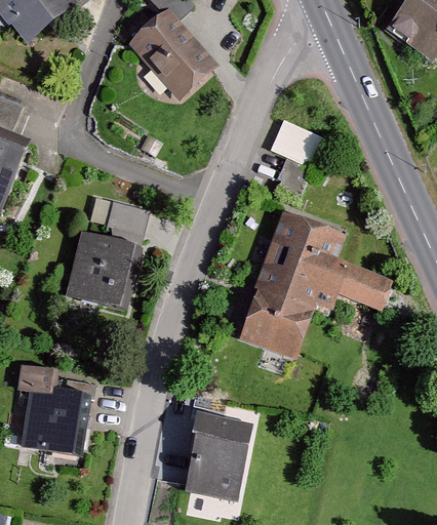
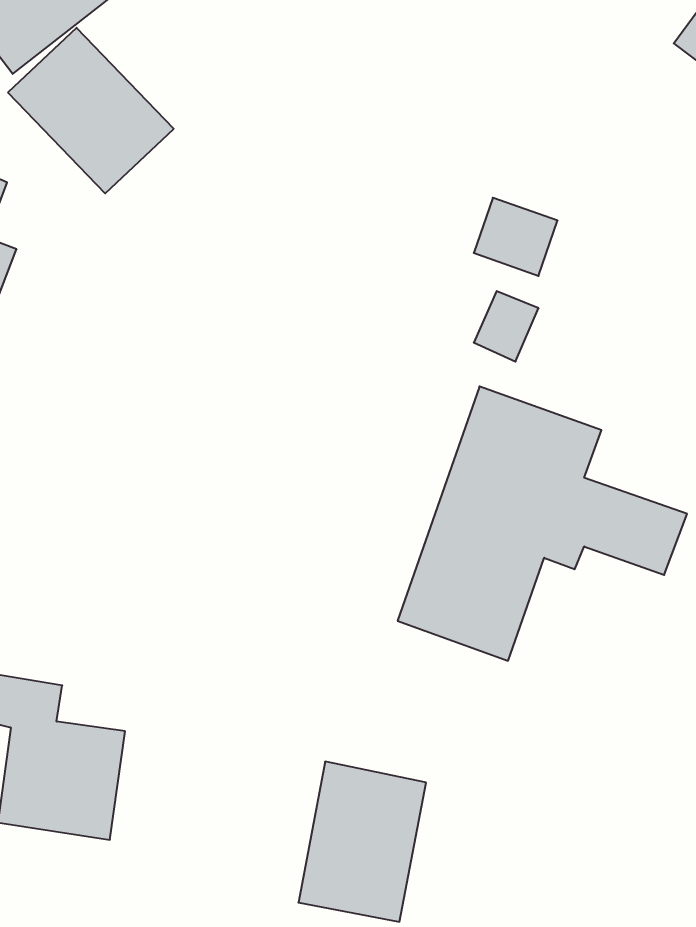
building: [129,8,218,97] -> [8,28,174,193]
building: [65,195,153,310] -> none

